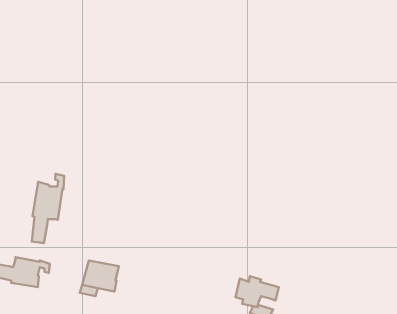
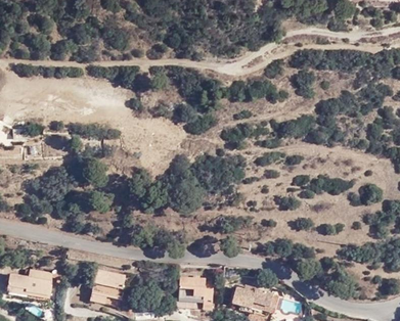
building: [32,174,64,243] -> none
building: none -> [178,277,213,309]

